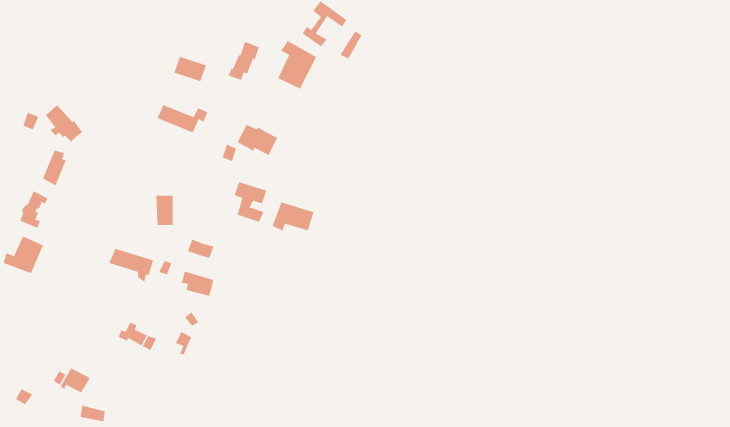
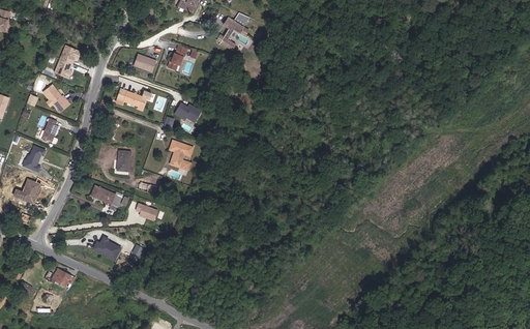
building: [278,40,317,90] -> none
building: none -> [52,44,78,78]
building: [272,201,314,231] -> none

